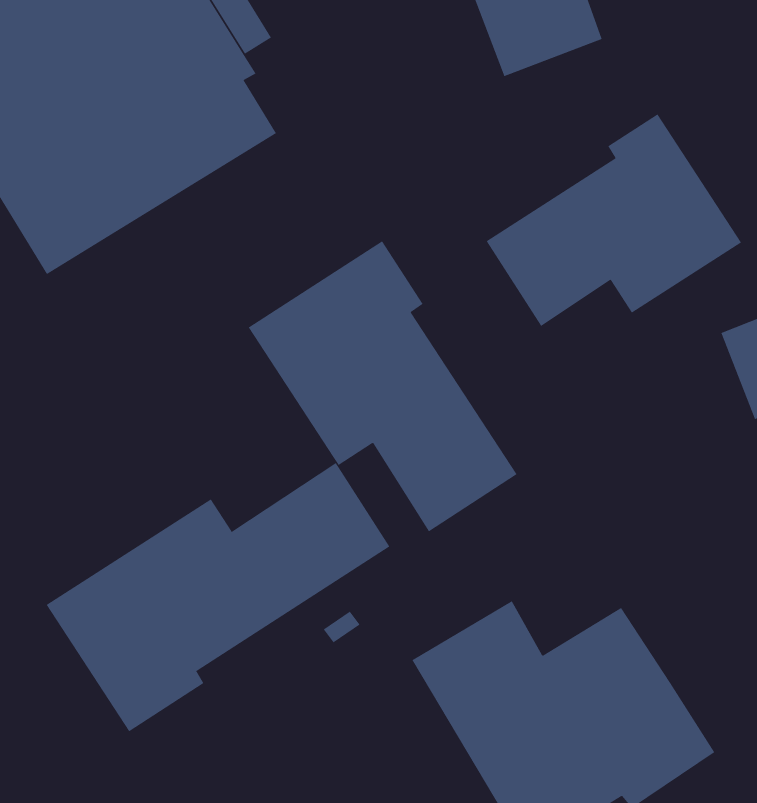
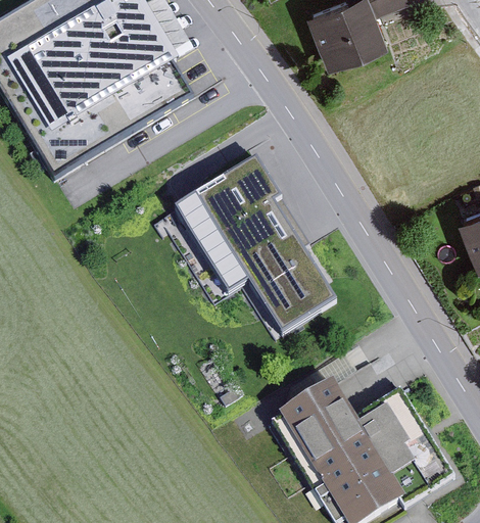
building: [486,113,742,327] -> none
building: [46,462,390,732] -> none

